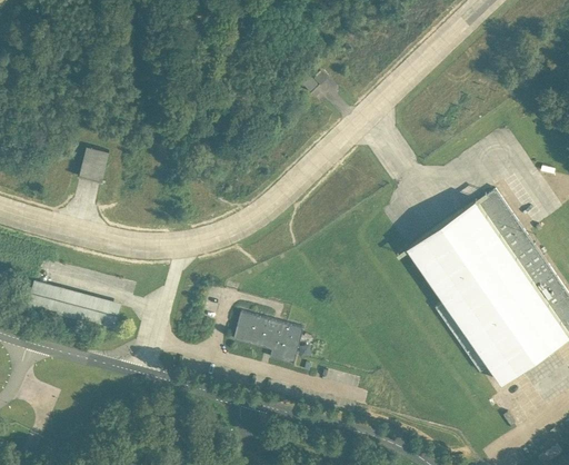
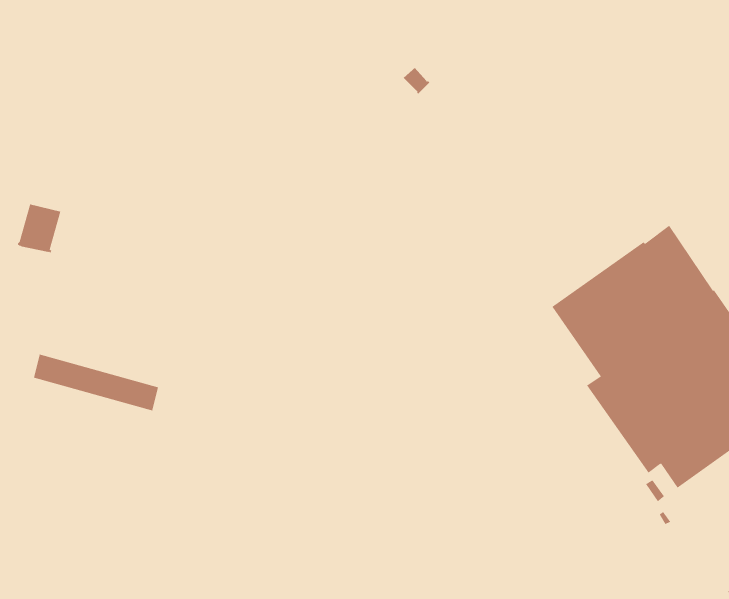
building: [77,147,109,184] -> [17,204,61,254]
building: [232,311,302,364] -> none

